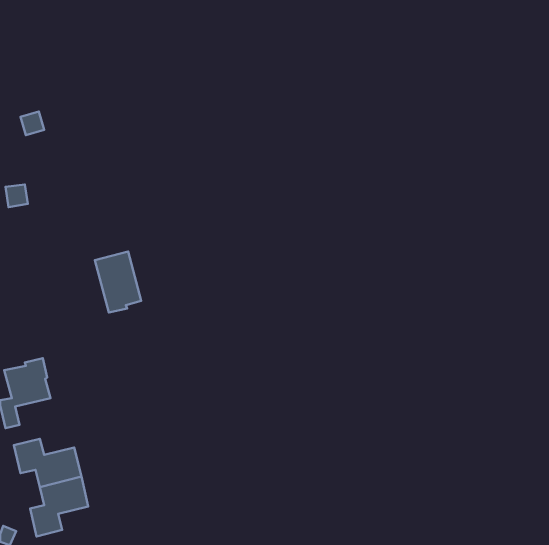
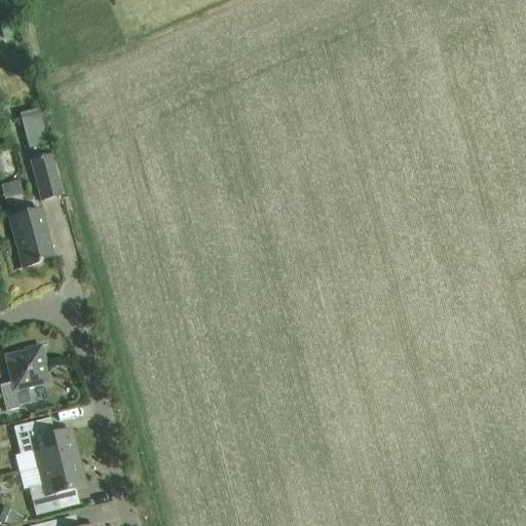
building: none -> [29,151,62,199]
building: [95,252,141,313] -> [9,208,53,266]

